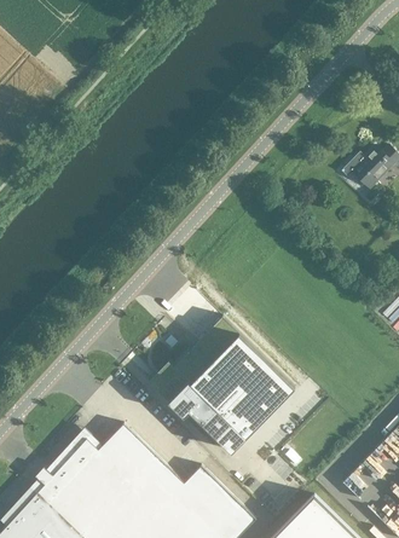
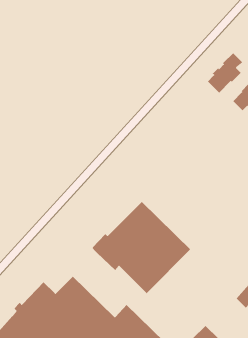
building: none -> [207,53,243,93]

